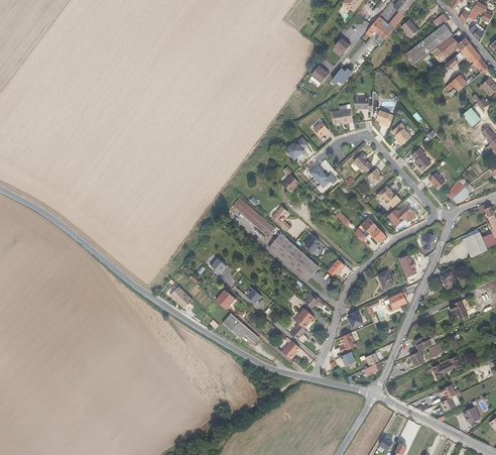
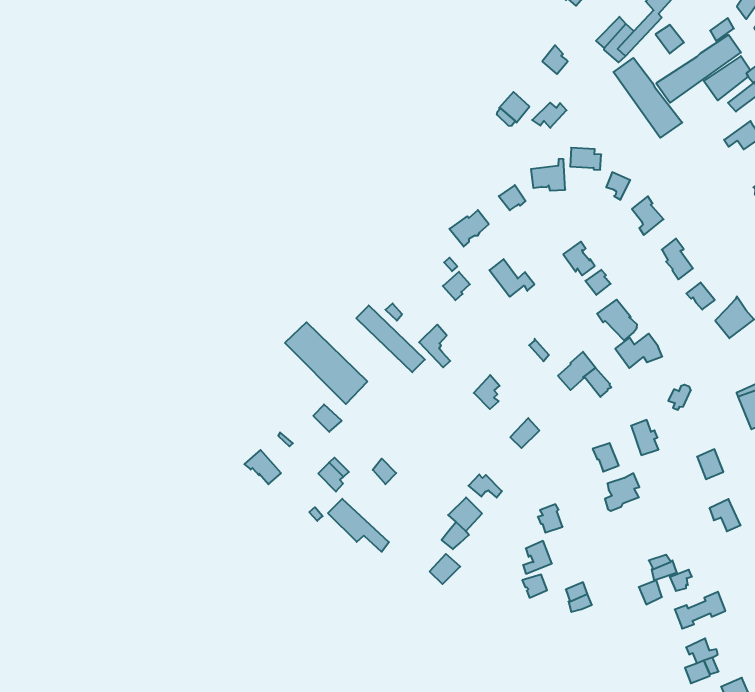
building: none -> [613,58,682,138]
building: [268,233,319,280] -> [285,322,367,404]

